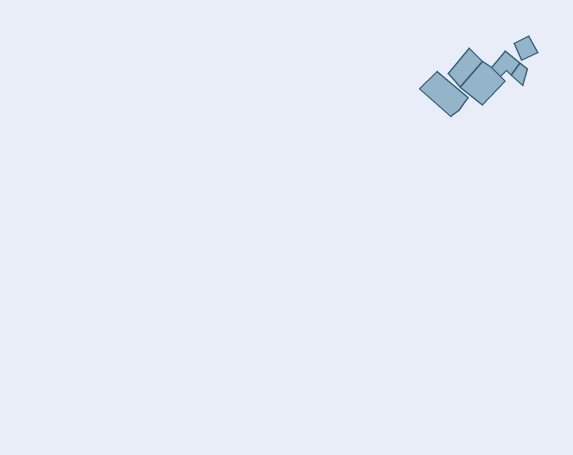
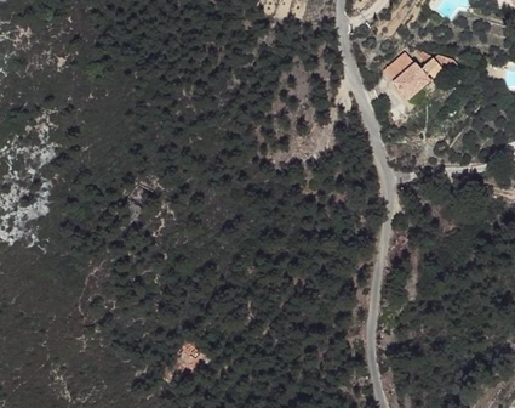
building: [420,71,468,117] -> none

